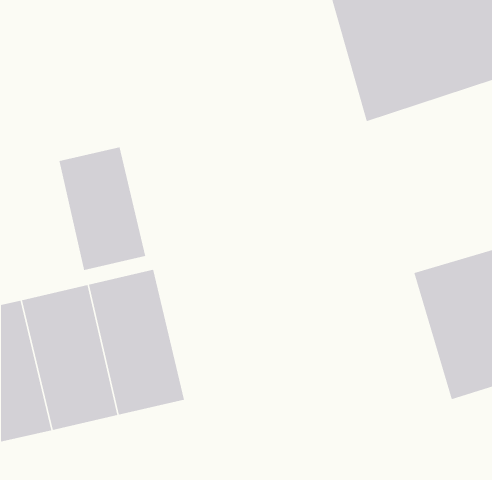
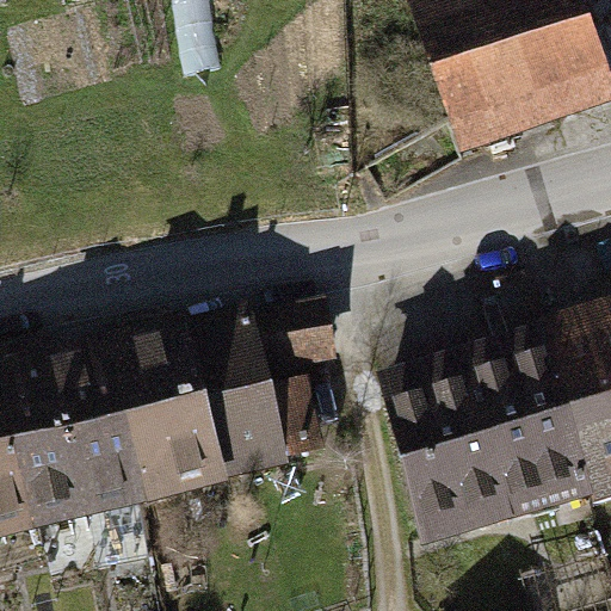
building: [59,147,146,271] -> none
building: none -> [193,313,313,493]
building: none -> [396,337,560,527]

